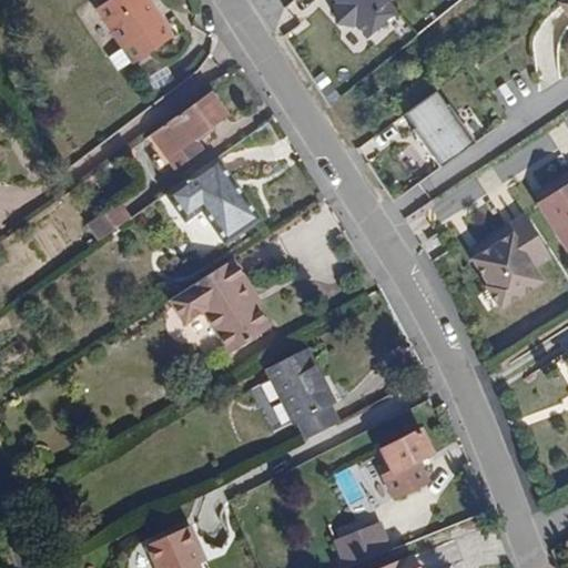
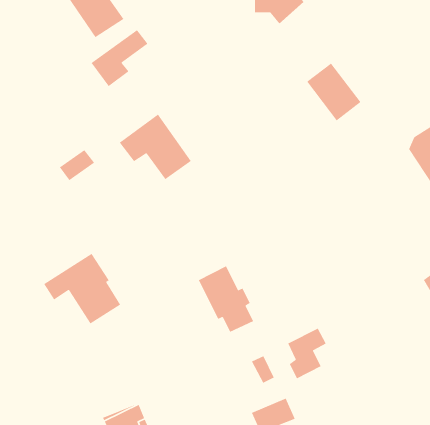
building: [151,92,225,166] -> [90,29,148,87]
building: [473,213,552,311] -> none
building: [168,258,267,351] -> [43,253,121,325]

